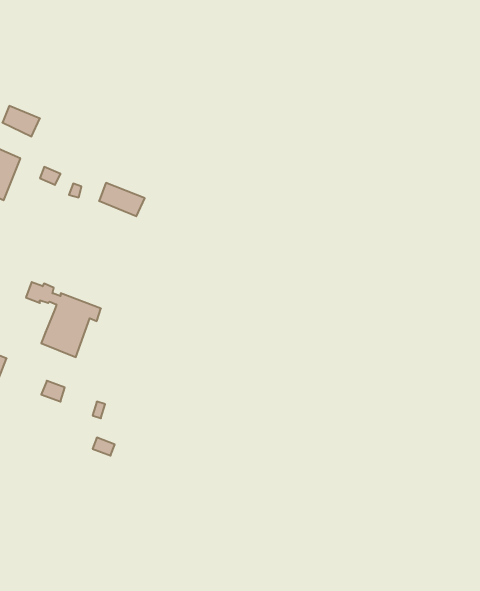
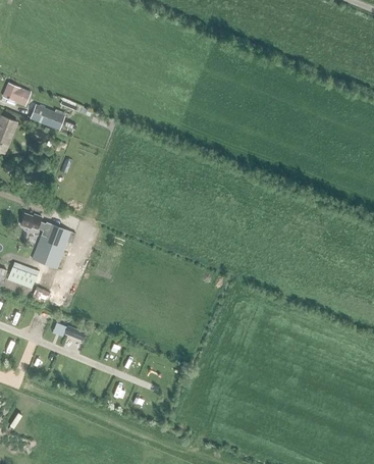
building: [99,183,145,216] -> [31,105,64,130]
building: none -> [7,262,38,289]

